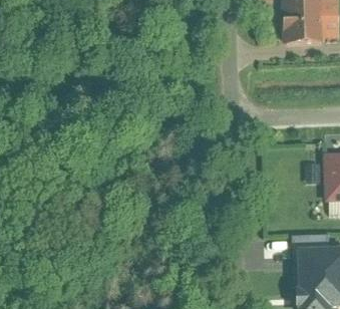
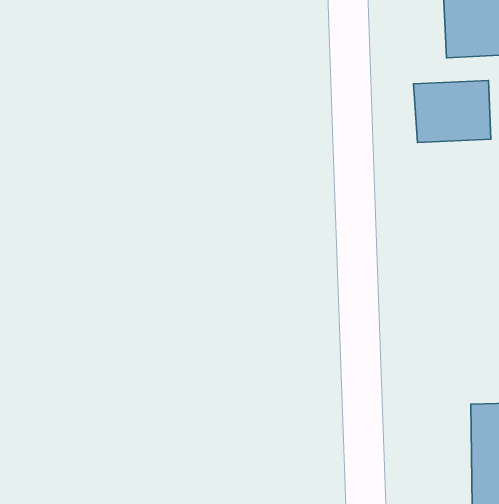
building: none -> [413,80,491,142]

